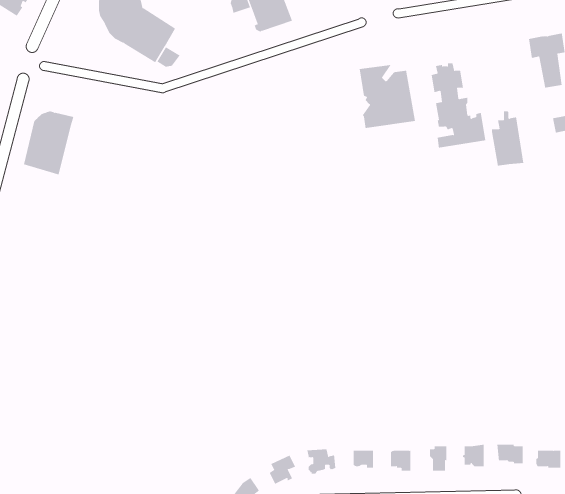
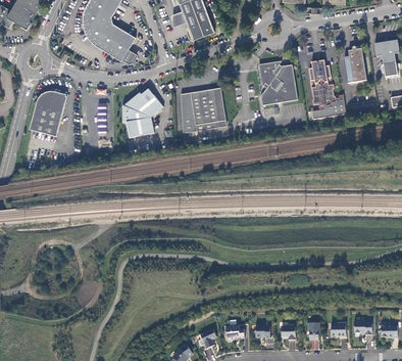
building: none -> [180,87,227,133]
building: none -> [122,89,162,138]
building: [491,111,524,166] -> [344,45,366,83]

